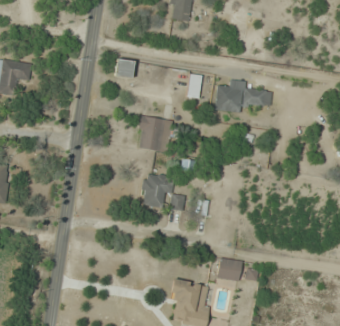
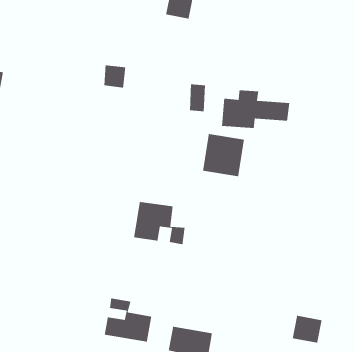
building: [137,115,173,152] -> [202,133,245,177]
building: none -> [104,297,152,342]
building: [217,257,243,281] -> [292,315,323,343]

